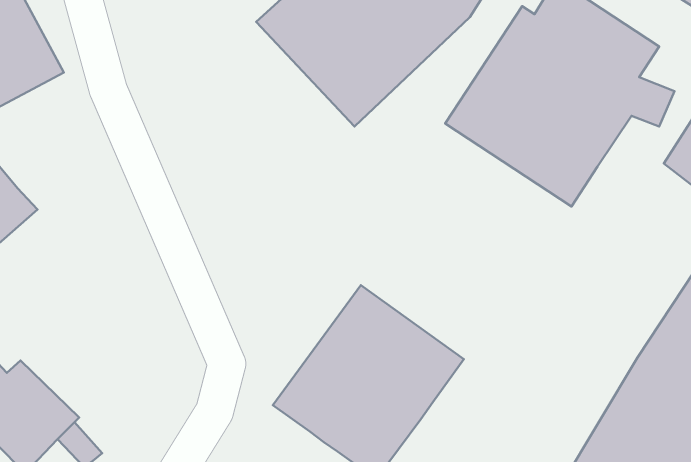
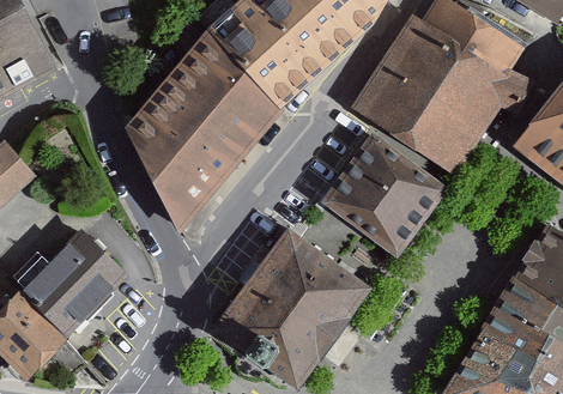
building: none -> [133,29,283,220]
building: none -> [326,137,442,251]
building: none -> [23,230,129,337]

